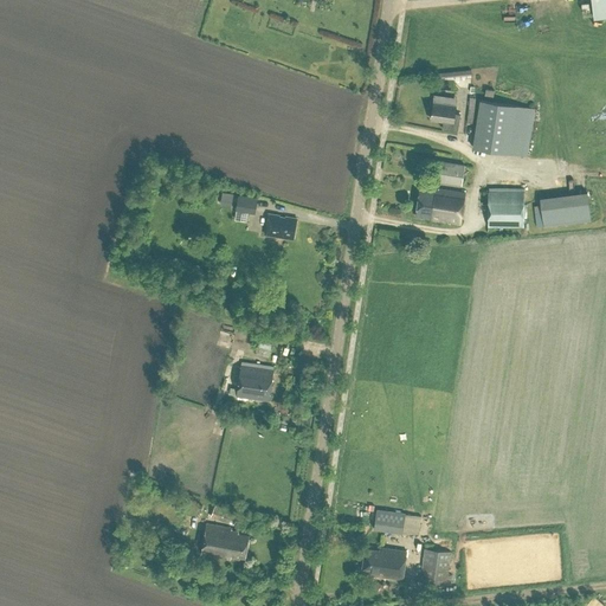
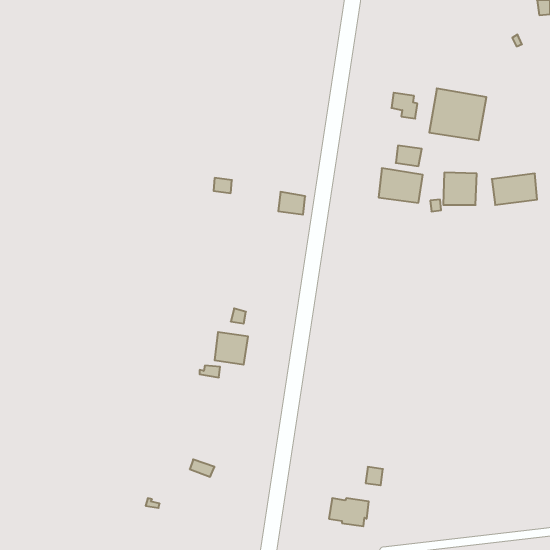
building: [265,214,295,239] -> [278,192,305,215]
building: [373,509,404,533] -> none
building: [200,523,247,560] -> none
building: [419,544,453,585] -> none

